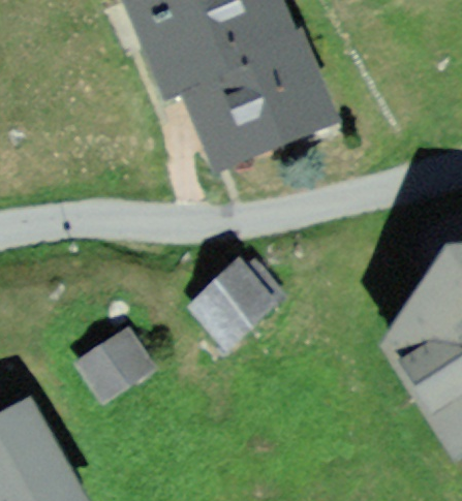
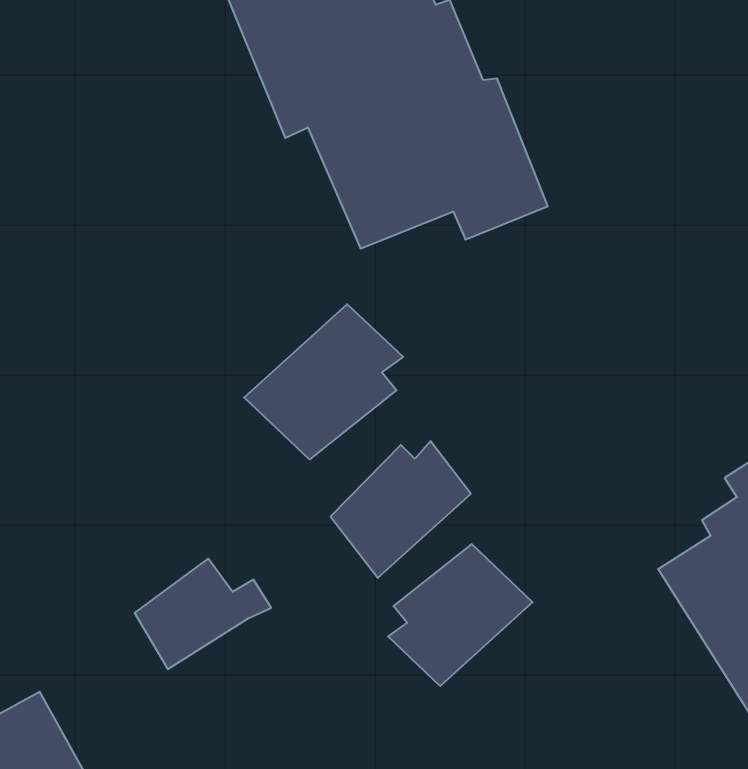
building: none -> [244,304,403,459]
building: none -> [388,544,533,686]

